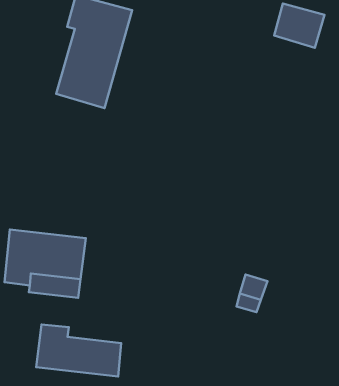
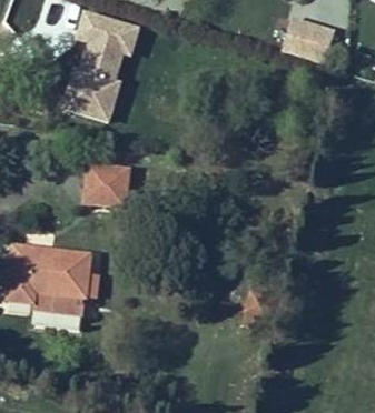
building: none -> [86,164,128,205]
building: [36,324,121,376] -> none

